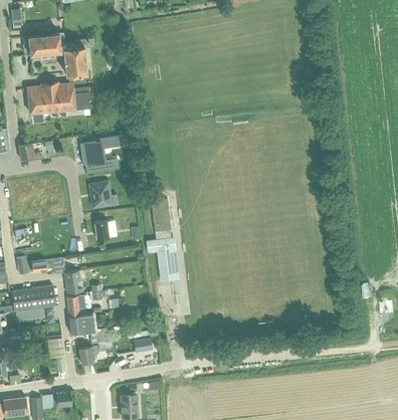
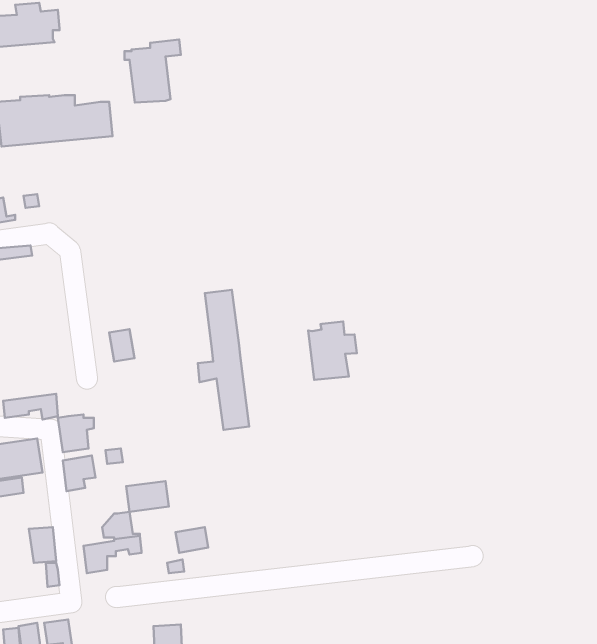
building: [60,38,93,75] -> [125,39,181,103]
building: [78,136,122,174] -> none
building: [87,181,117,208] -> none
building: none -> [308,321,357,380]
building: [68,316,93,334] -> [126,481,169,512]

